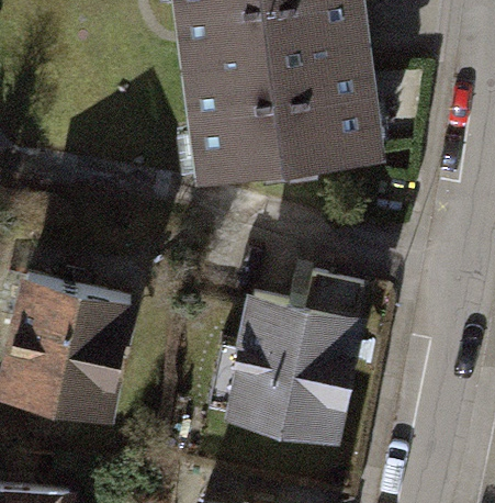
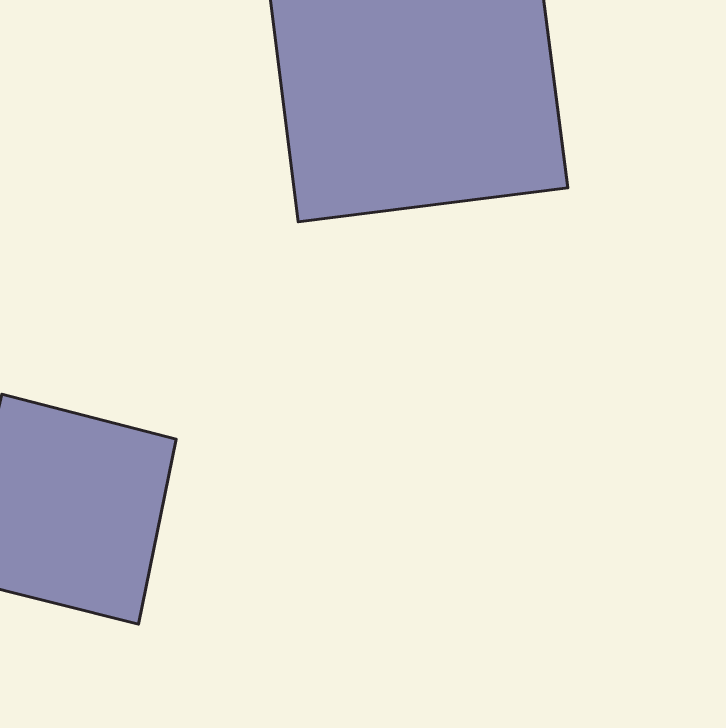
building: [228,282,360,439] -> none

